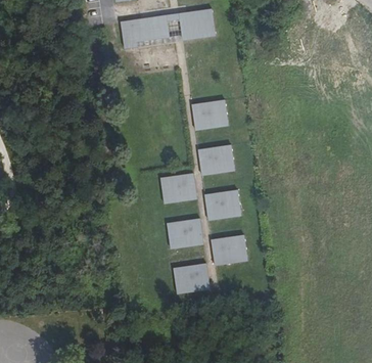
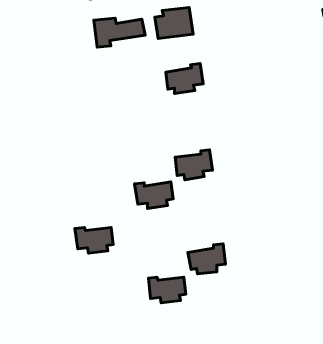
building: [191,100,227,129] -> [166,64,203,94]
building: [203,190,239,219] -> none
building: [165,222,201,246] -> [75,227,113,253]

